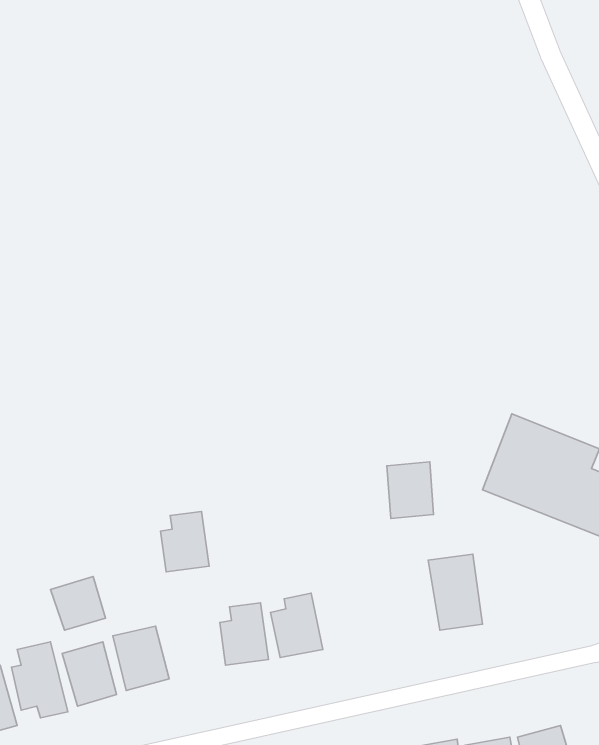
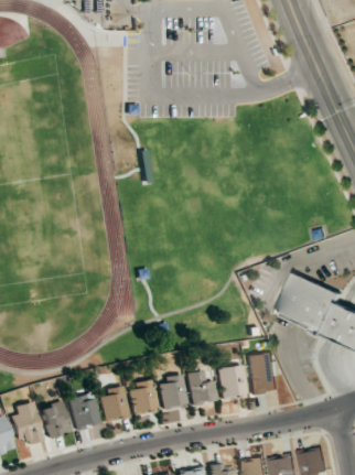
building: [387,462,434,518] -> [217,365,244,397]
building: [160,512,209,572] -> [99,386,127,420]
building: [50,576,105,630] -> none
building: none -> [186,371,215,404]

